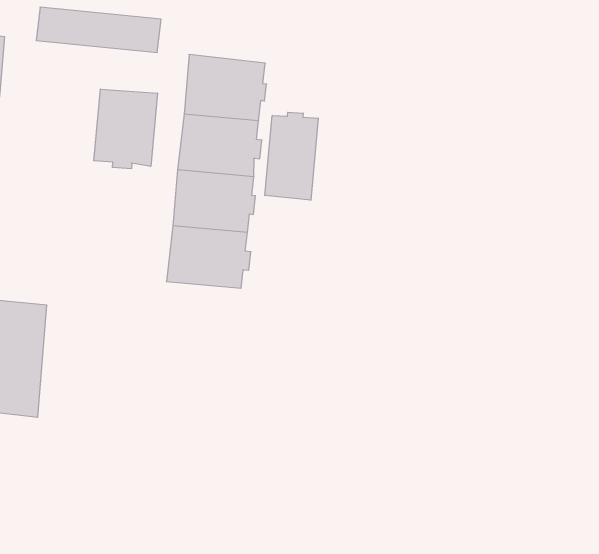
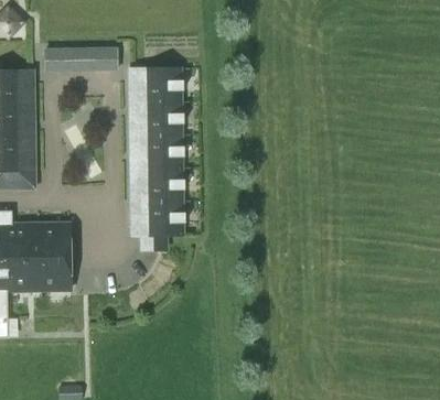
building: [94,89,157,169] -> none
building: [265,112,318,200] -> none
building: none -> [138,201,185,236]

